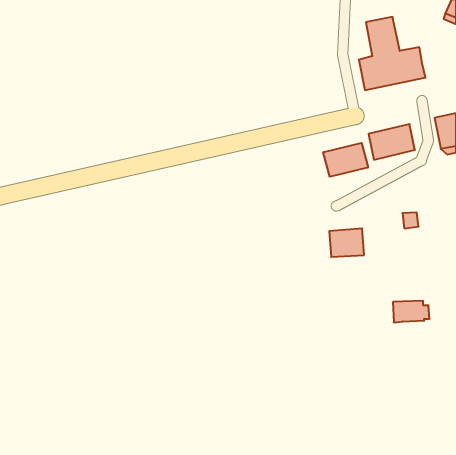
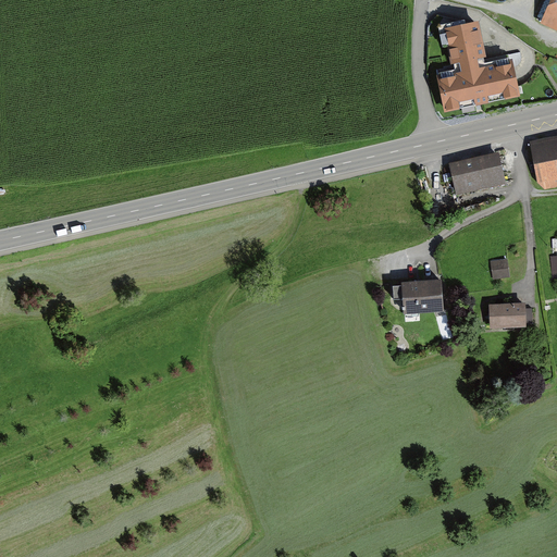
building: [323,143,368,177] -> none
building: [393,301,430,322] -> [488,302,533,329]

